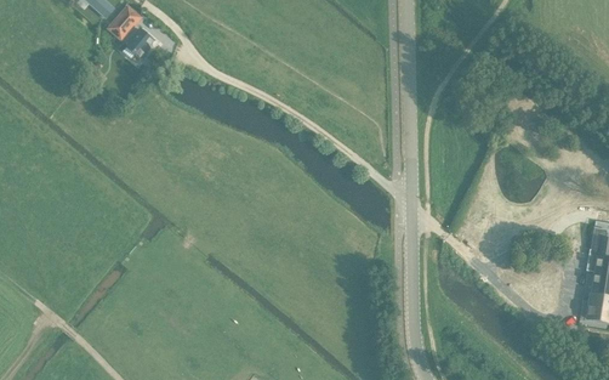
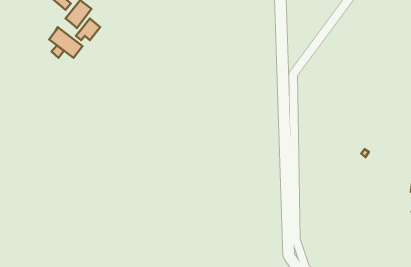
building: none -> [49,27,82,58]

